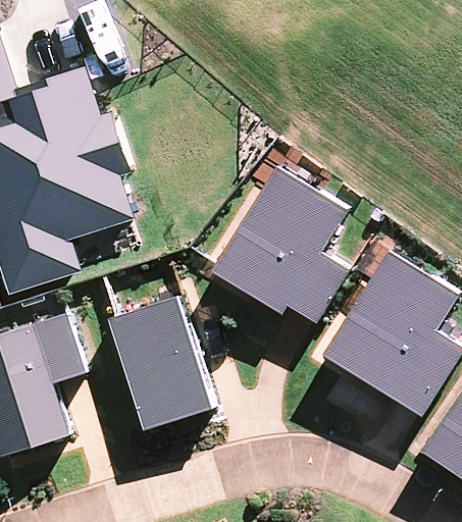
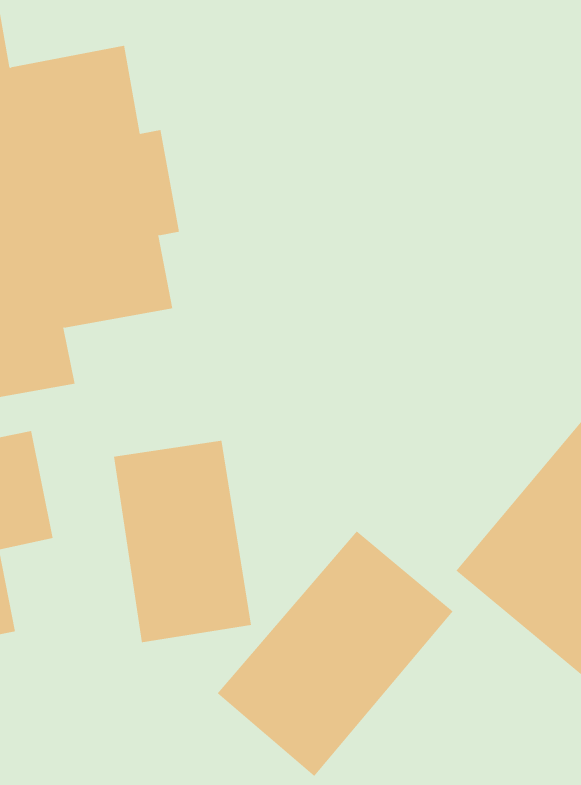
building: [214,170,353,325] -> none
building: none -> [217,530,453,777]

